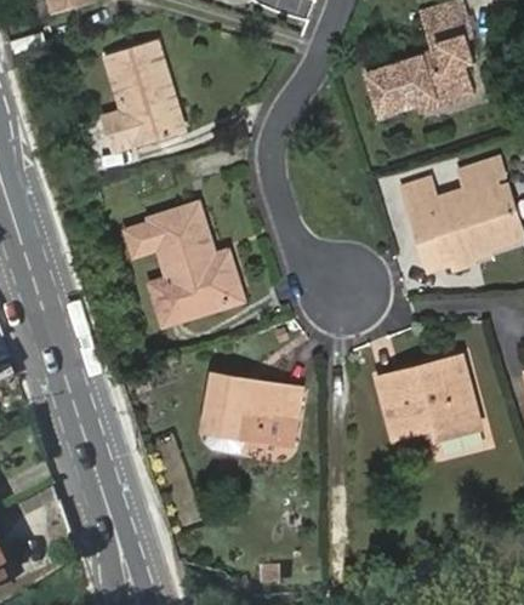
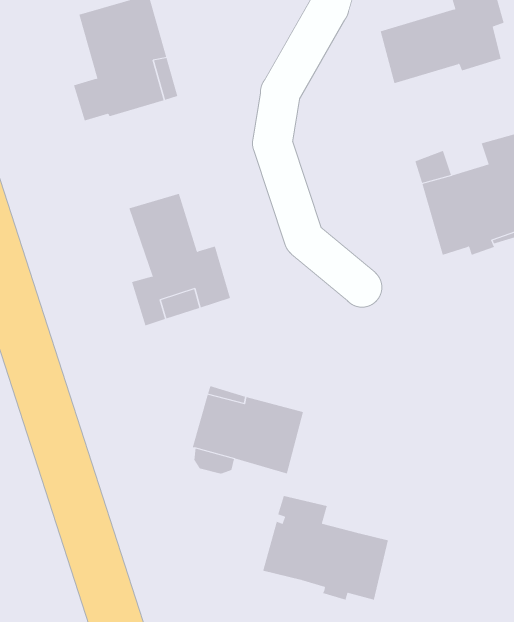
building: [380,353,480,435] -> none
building: none -> [262,495,389,601]

